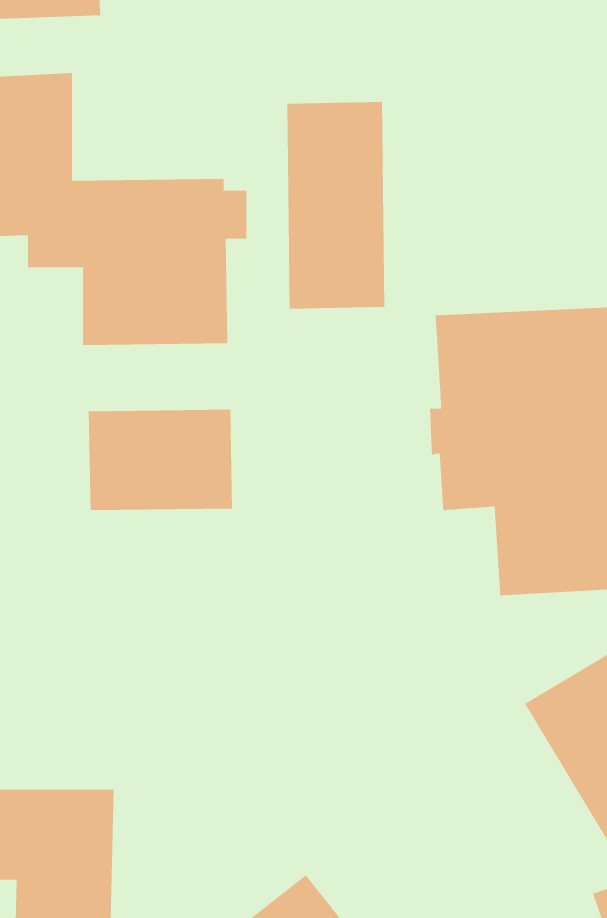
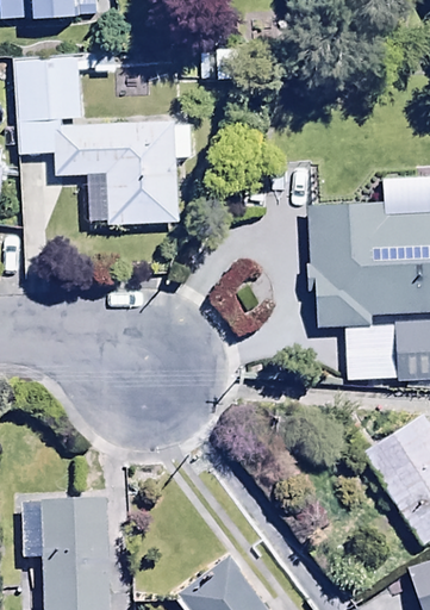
building: [287,101,385,310] -> none
building: [88,409,233,511] -> none

